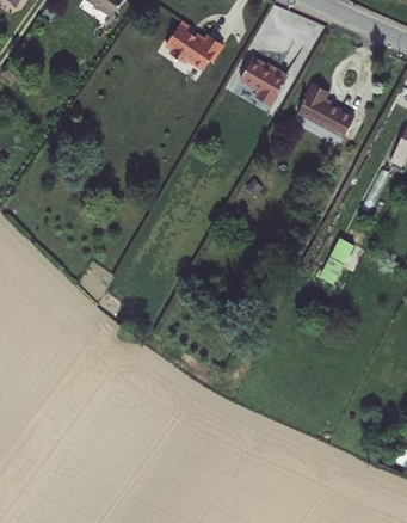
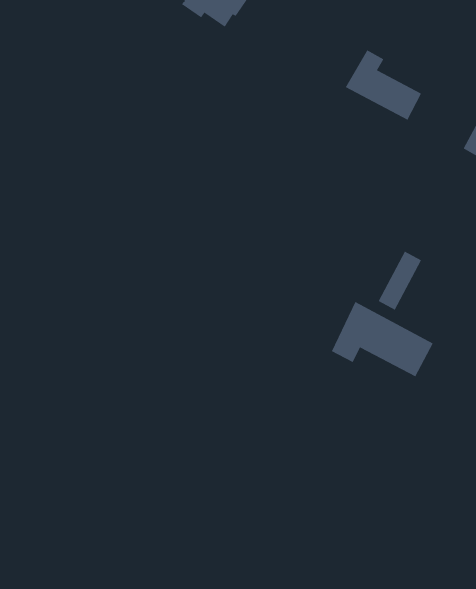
building: [240,61,289,106] -> none
building: none -> [331,301,434,377]

